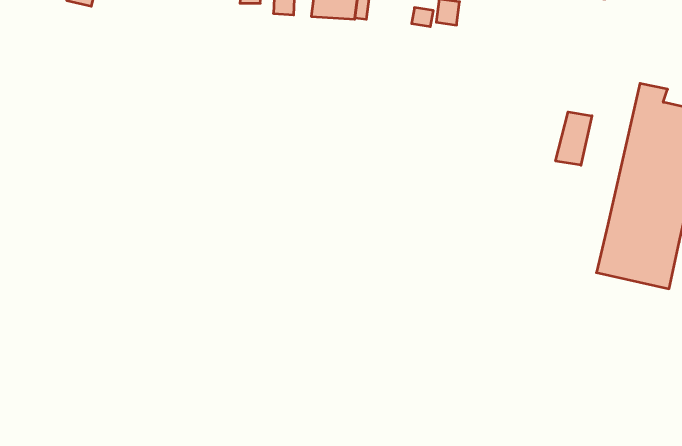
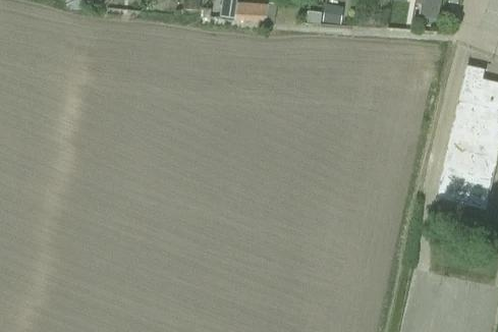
building: [556,112,592,165] -> none

